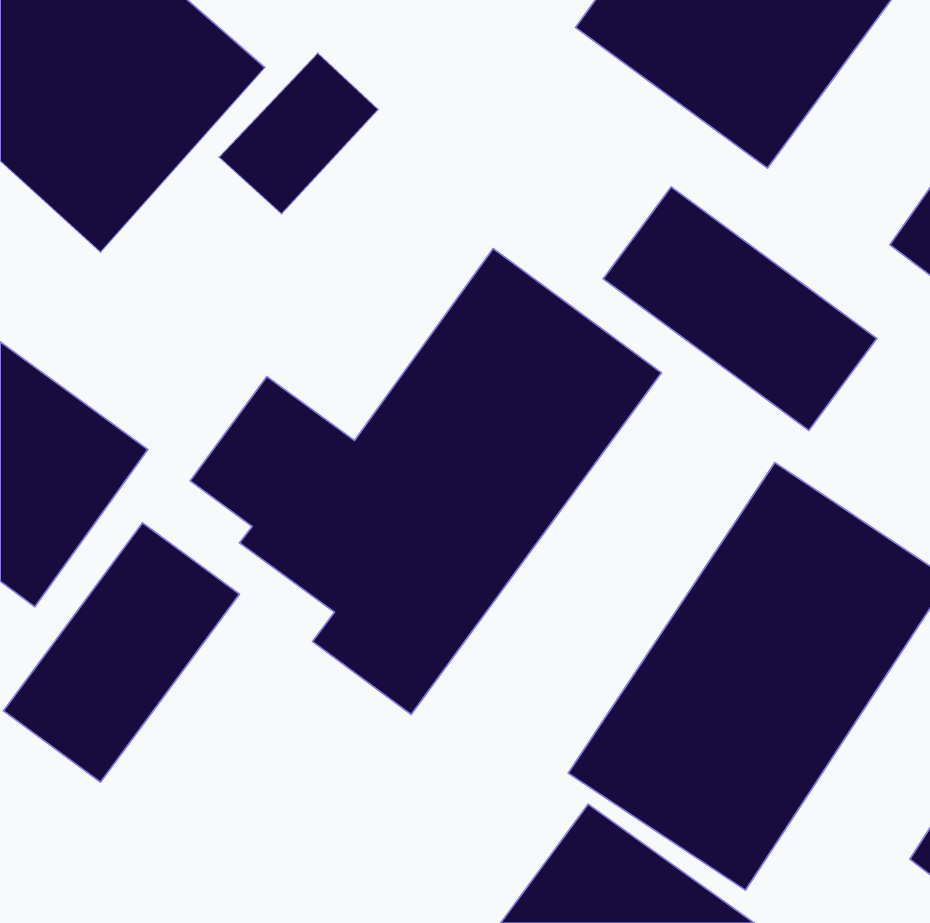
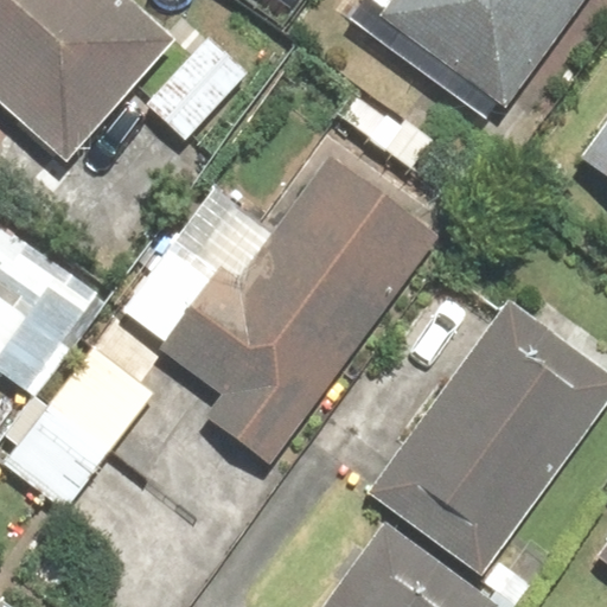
building: [603,187,877,430] -> none

